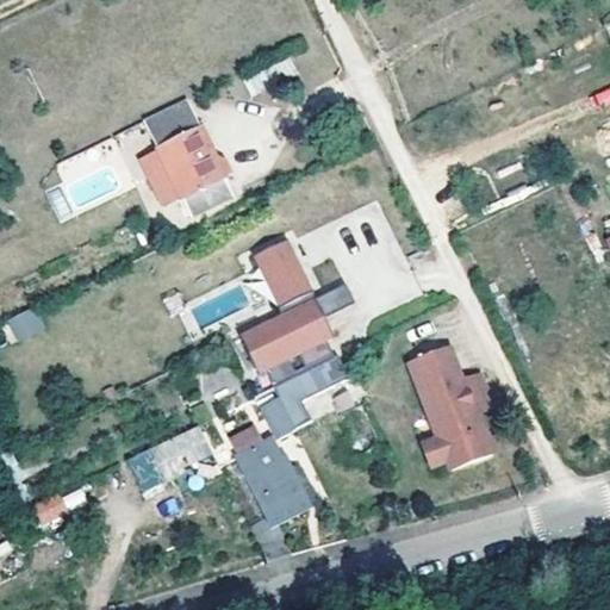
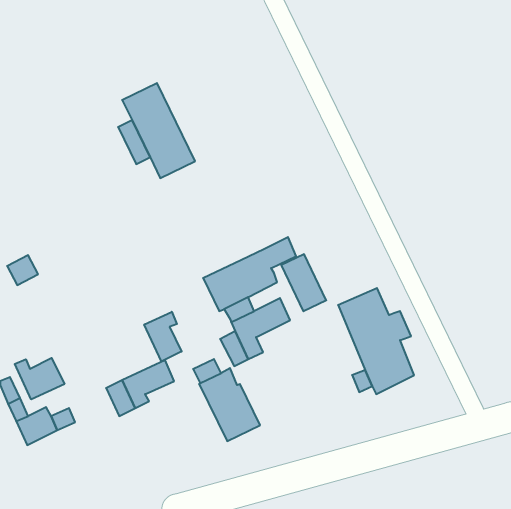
building: [261,242,315,310] -> [281,254,326,311]
building: none -> [144,312,182,362]
building: none -> [15,358,64,399]

